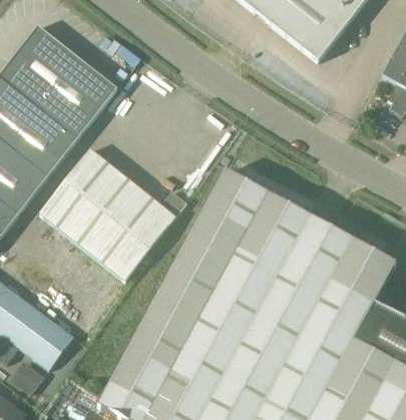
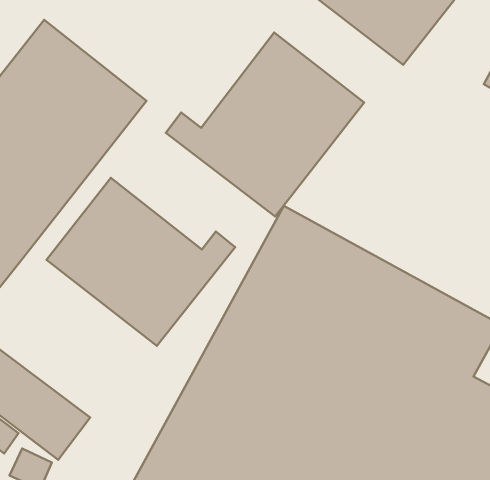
building: none -> [166,33,364,217]

